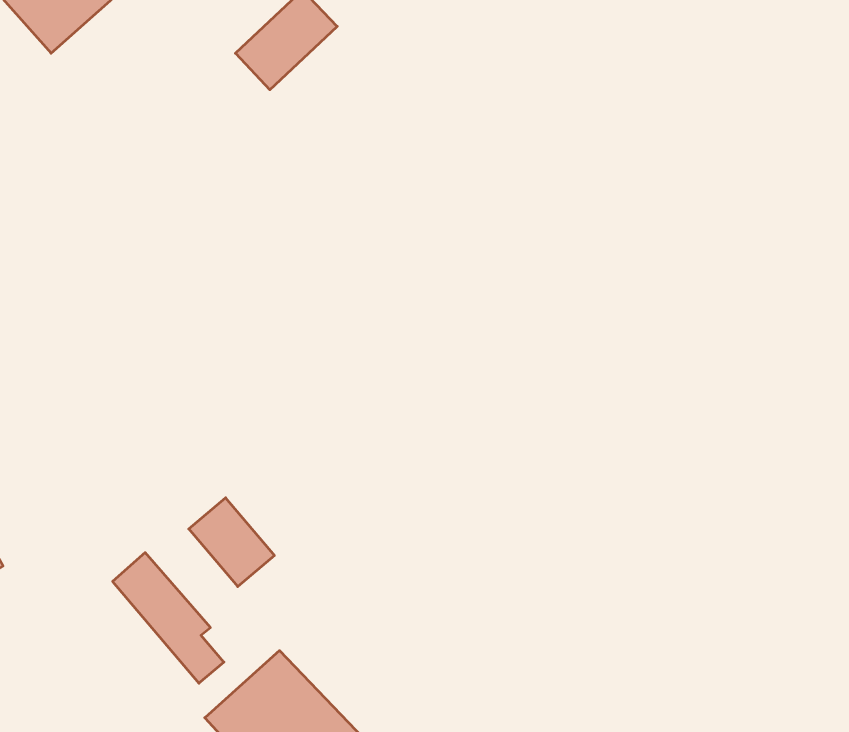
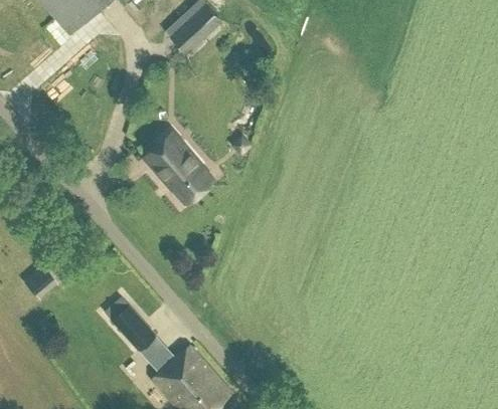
building: none -> [141,125,212,199]
building: [189,498,274,587] -> none

